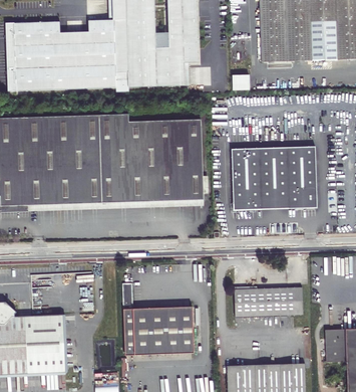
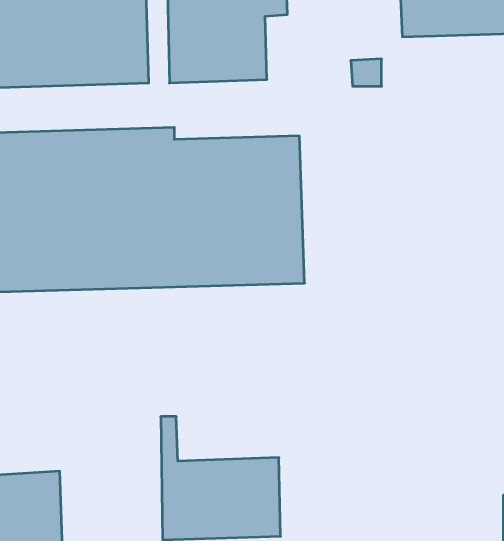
building: [233,149,317,210] -> none
building: [233,286,298,317] -> none

